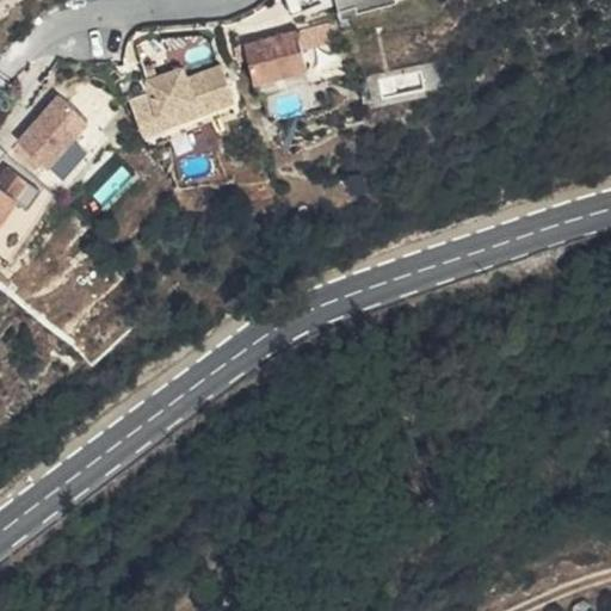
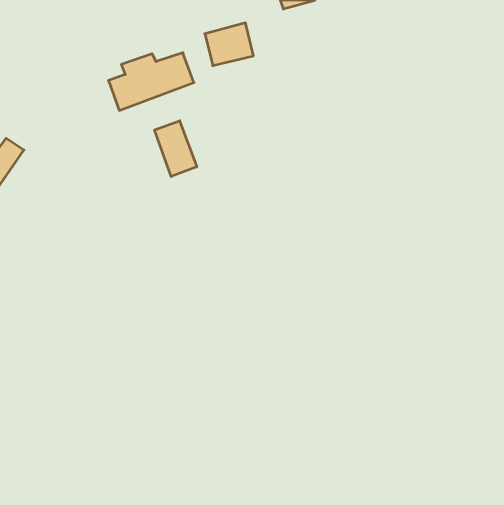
building: [19,97,86,167] -> none
building: none -> [155,121,197,177]

